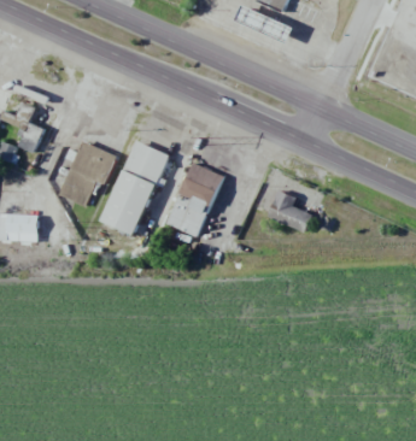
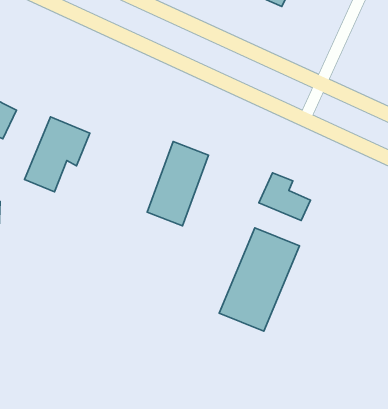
building: [101,140,168,235] -> none
building: none -> [219,228,300,331]

